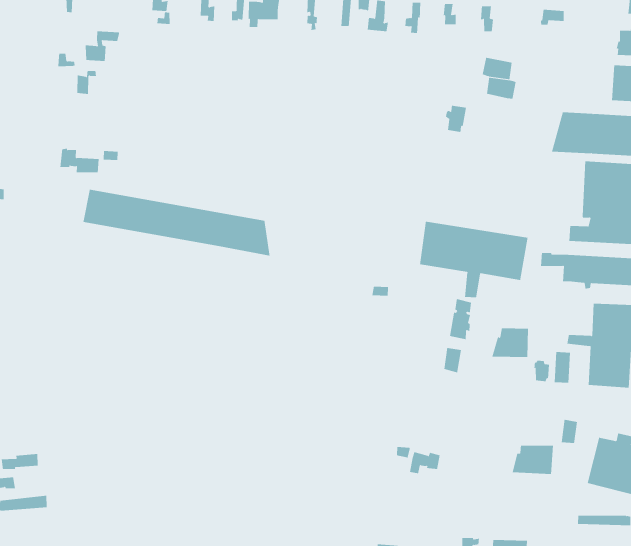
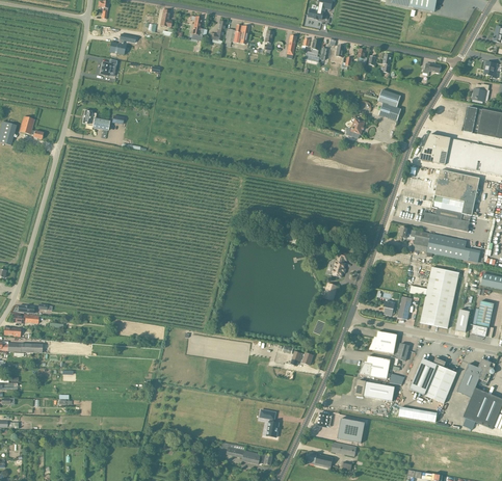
building: [83,189,270,256] -> none
building: [419,221,528,298] -> none
building: [491,328,529,358] -> [369,331,397,354]
building: none -> [355,380,395,401]

